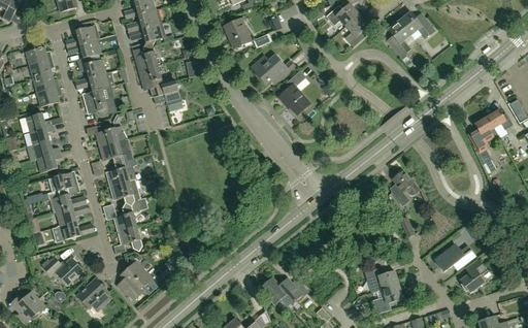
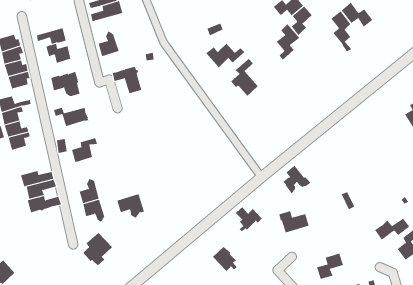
building: [225,19,250,46] -> none
building: [128,23,166,45] -> none
building: [65,24,99,46] -> none
building: none -> [276,24,300,60]
building: [138,64,174,87] -> none
building: [75,71,114,91] -> none
building: [99,140,132,163] -> none
building: [389,169,420,201] -> [283,165,311,194]
building: [42,170,79,199] -> none
building: [109,178,140,205] -> [116,194,145,218]
building: [43,257,82,284] -> none
building: [364,267,398,292] -> [278,211,310,233]
building: [77,277,109,309] -> none
building: [278,277,308,305] -> [235,206,262,232]

